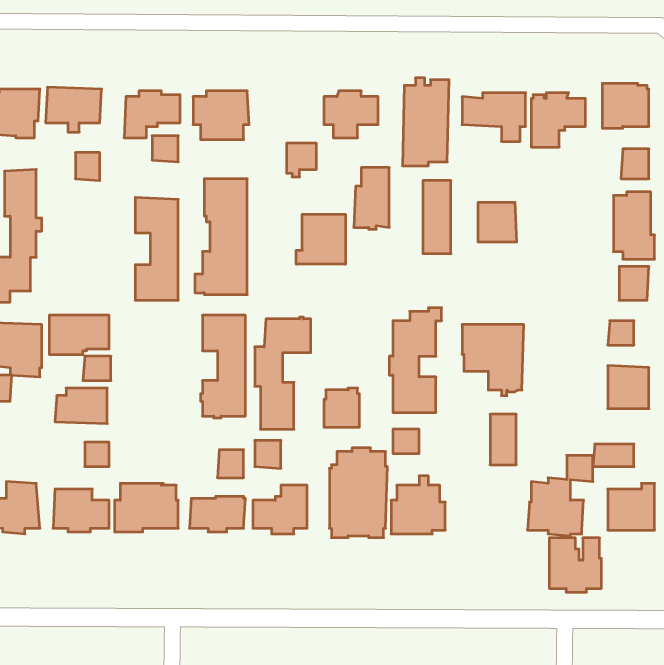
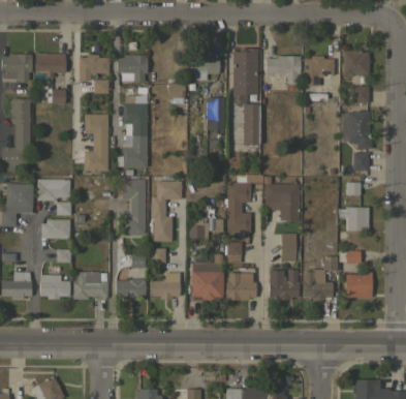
building: [478,202,517,242] -> none
building: [296,214,345,264] -> none
building: [549,538,601,592] -> [270,270,299,300]

